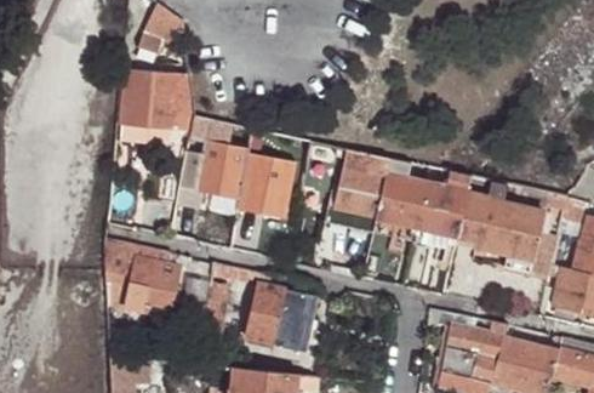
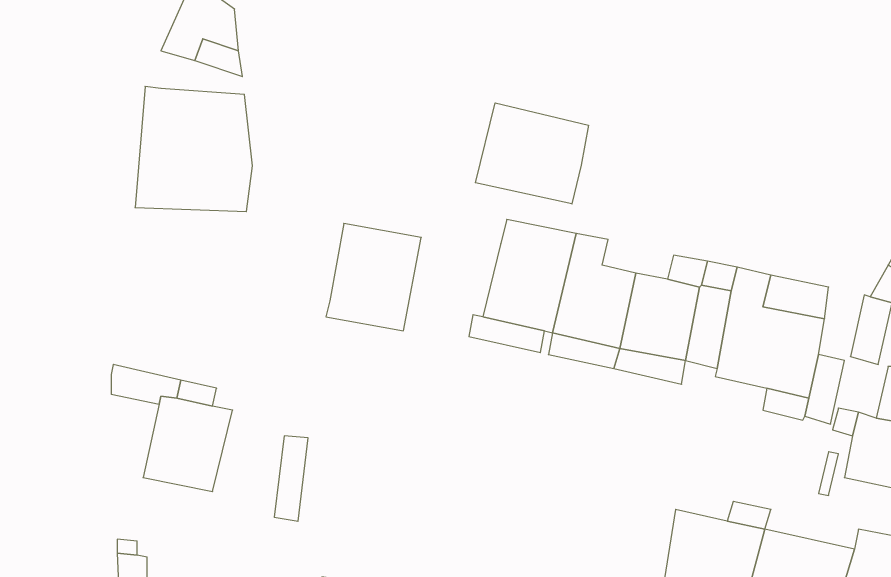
building: none -> [475,103,588,204]
building: [178,118,249,210] -> none
building: [249,286,319,353] -> none

